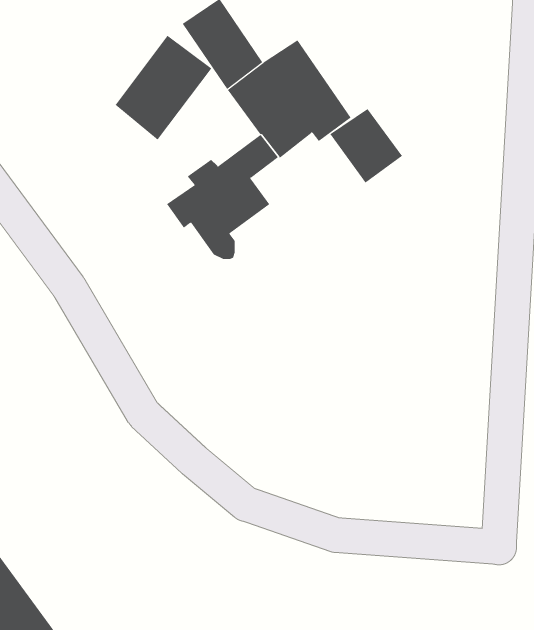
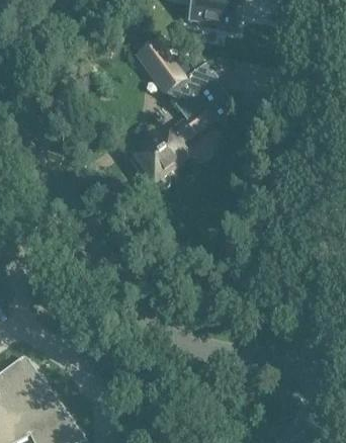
building: [115,35,212,141] -> none
building: [329,108,403,183] -> none

